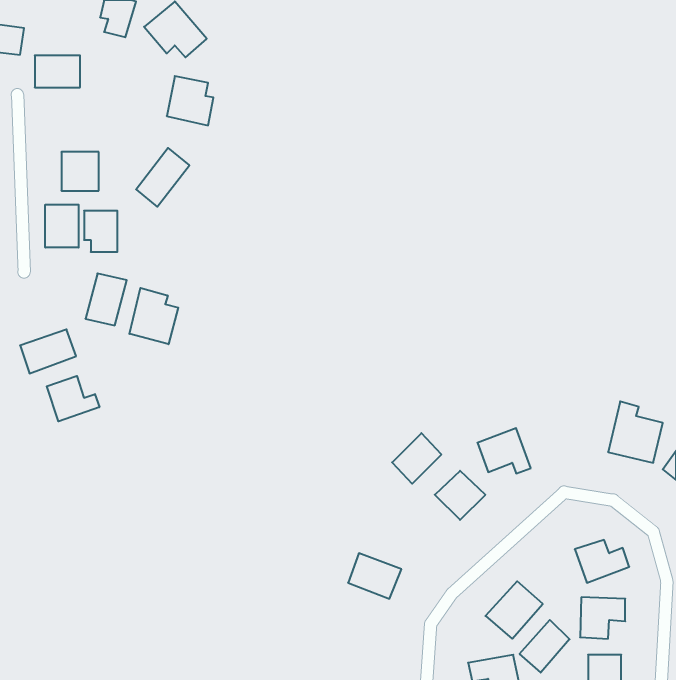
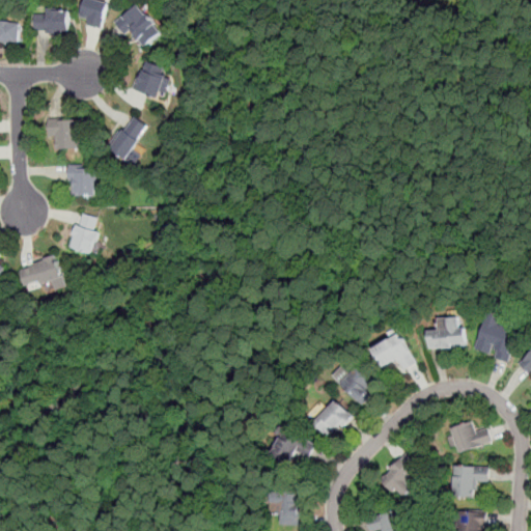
building: [35,55,80,87] -> [31,9,66,34]
building: [45,205,79,248] -> none
building: [129,288,178,344] -> none
building: [47,376,99,421] -> none
building: none -> [426,317,463,350]
building: [392,433,441,484] -> [311,401,350,441]
building: [520,620,570,673] -> none
building: none -> [268,493,296,526]

